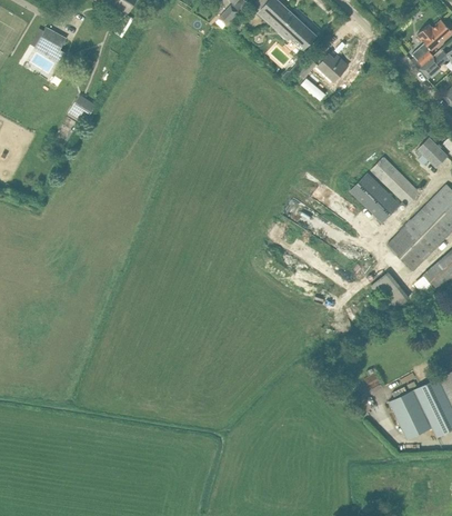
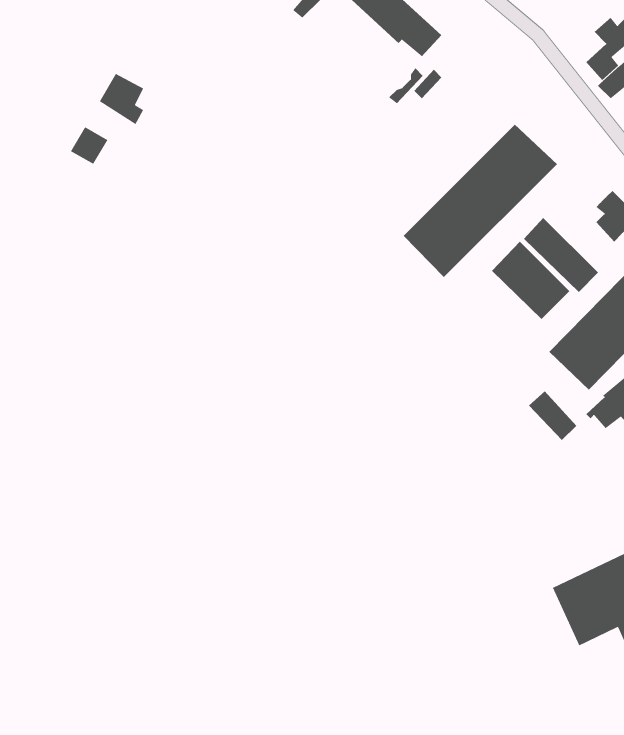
building: [36,28,66,62] -> [99,73,144,125]
building: [314,53,348,83] -> none
building: none -> [403,124,558,278]

